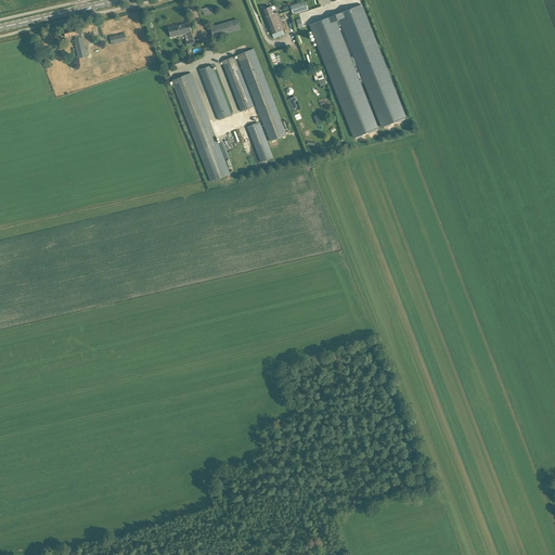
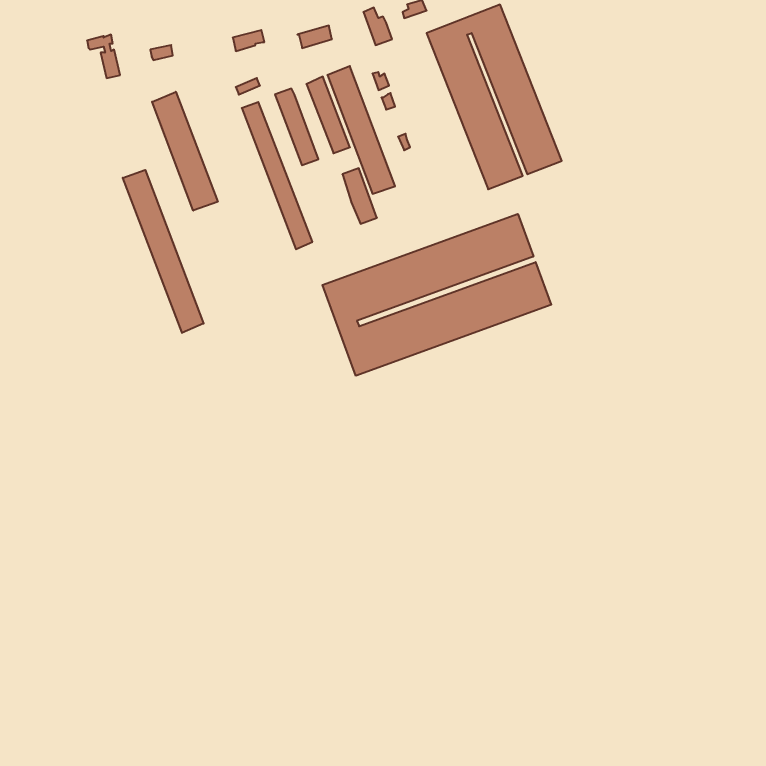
building: none -> [152,92,218,211]
building: none -> [123,170,204,333]
building: none -> [322,214,551,376]

